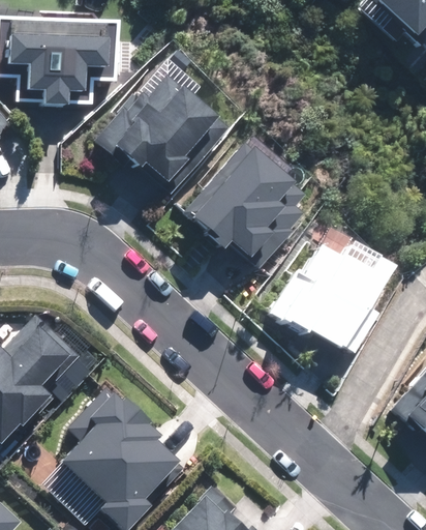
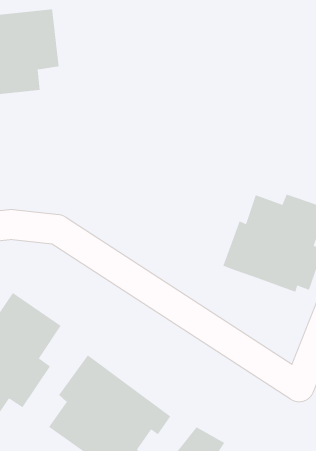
building: [90,73,226,194] -> none
building: [178,145,305,272] -> none

